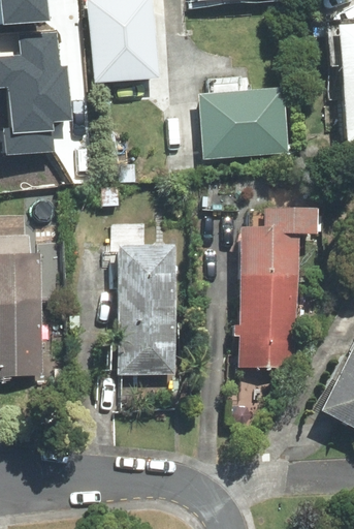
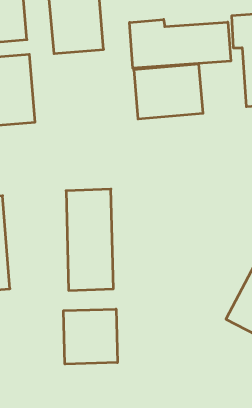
building: none -> [130,19,231,68]
building: [237,210,307,366] -> none
building: none -> [64,309,117,364]

